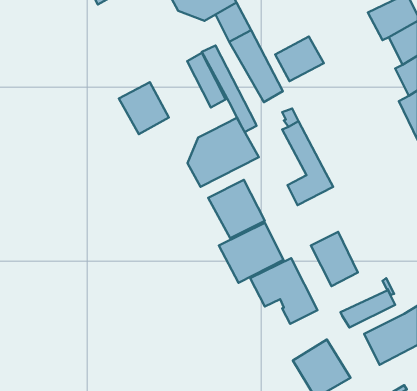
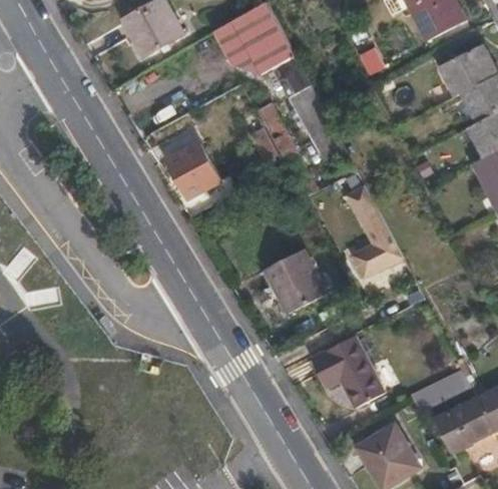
building: [275,36,324,81] -> none
building: [187,118,259,187] -> none
building: [219,223,284,283] -> none
building: [311,232,358,286] -> none

